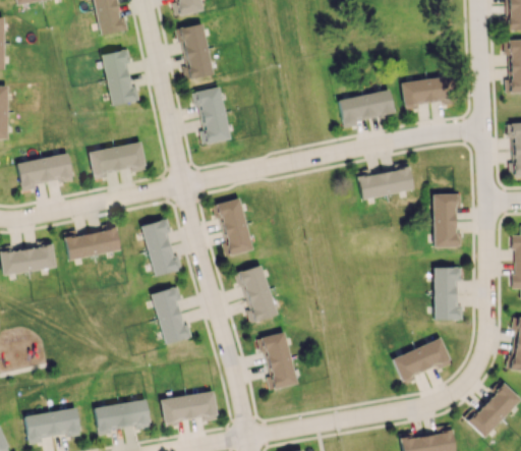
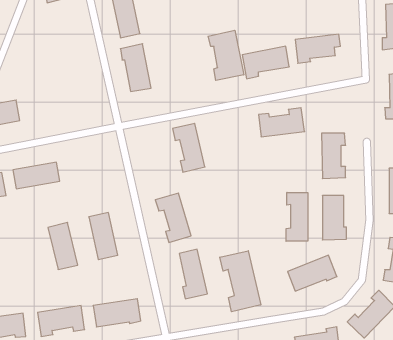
building: [104,52,139,108] -> none
building: none -> [208,30,244,80]
building: [89,143,146,179] -> none
building: [213,199,251,257] -> [173,123,205,172]
building: [144,222,180,278] -> [48,222,78,269]
building: none -> [286,192,308,241]
building: none -> [220,251,261,312]

